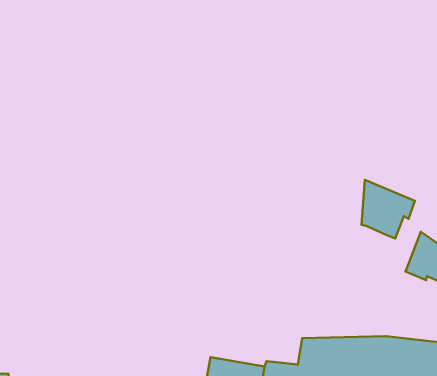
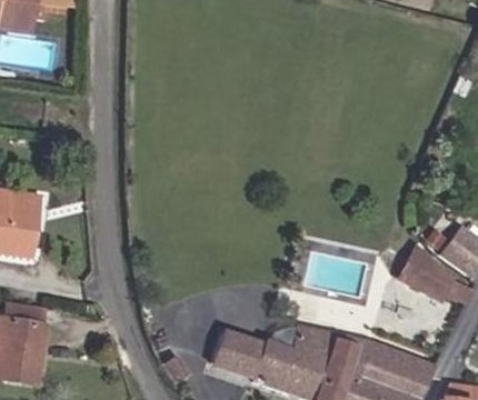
building: [362,180,415,238] -> none

